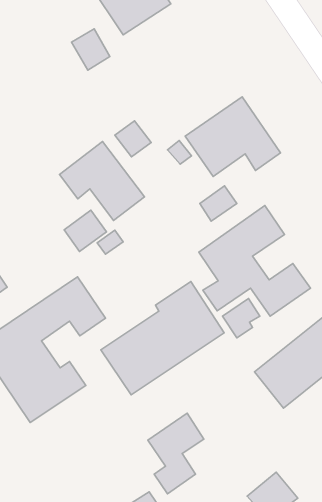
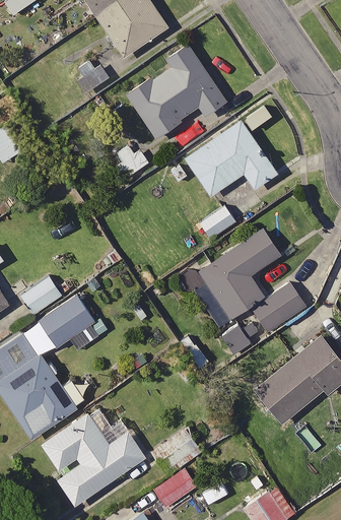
building: none -> [126,43,226,139]
building: [60,141,145,221] -> none
building: [64,210,106,251] -> [22,276,64,317]
building: [101,282,224,395] -> none
building: none -> [41,405,147,506]

